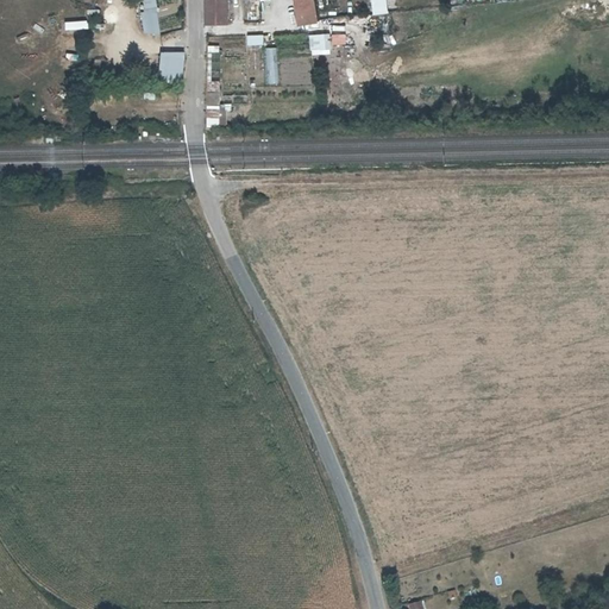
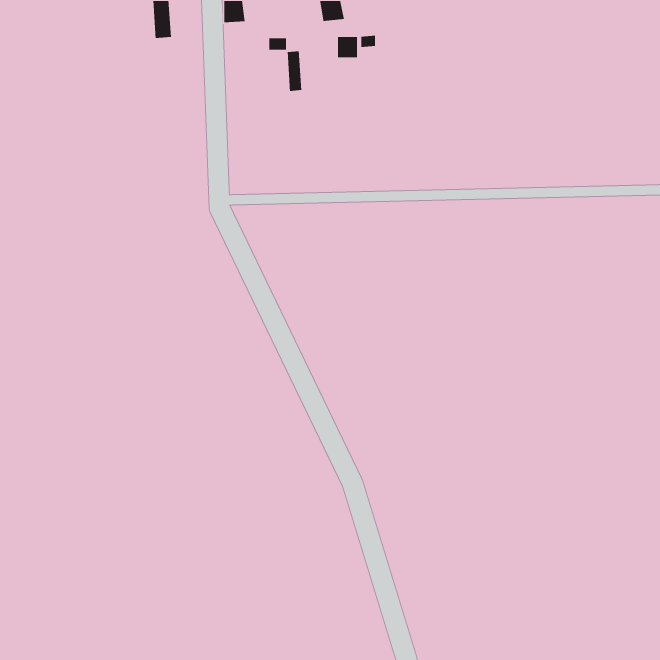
building: [159,52,183,82] -> none

